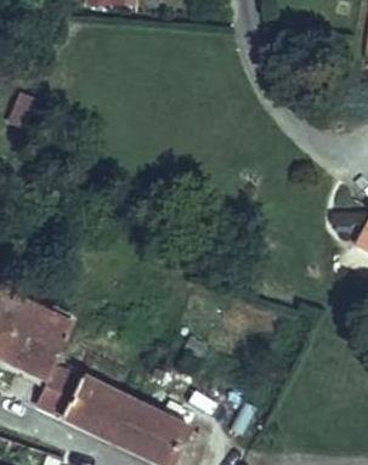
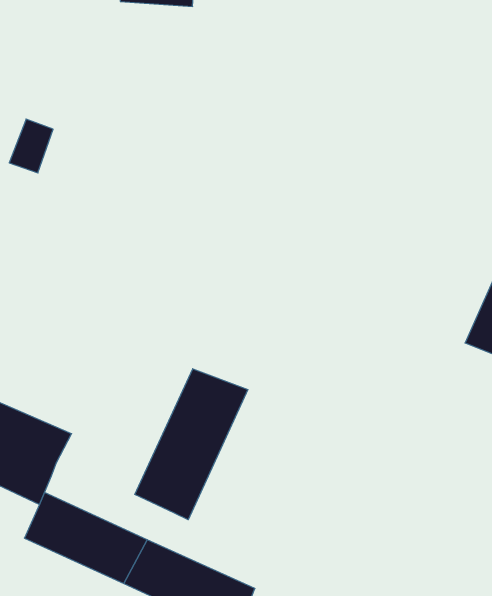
building: none -> [135,369,248,520]

